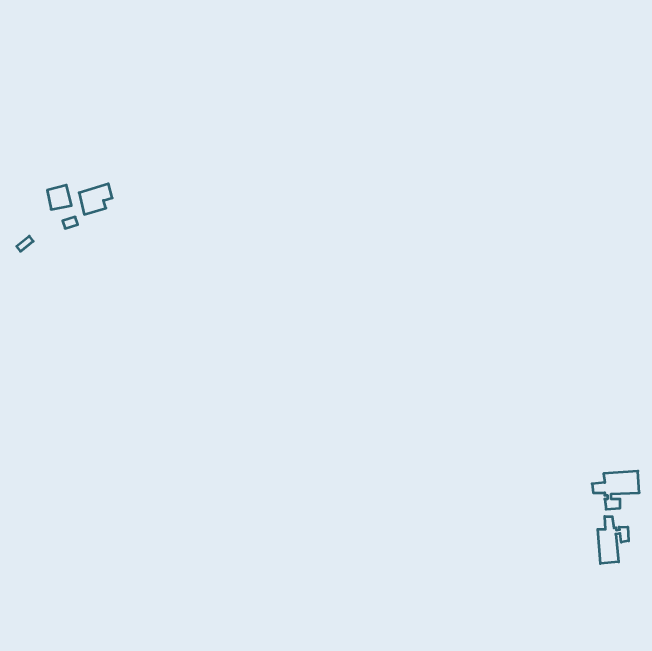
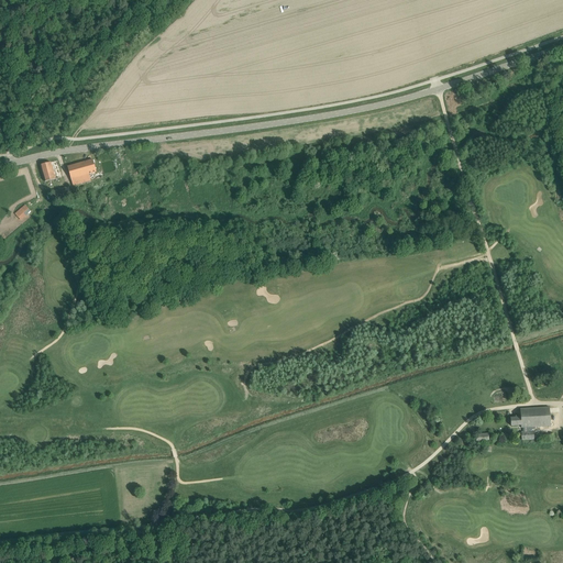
building: [598,516,629,564] -> none

